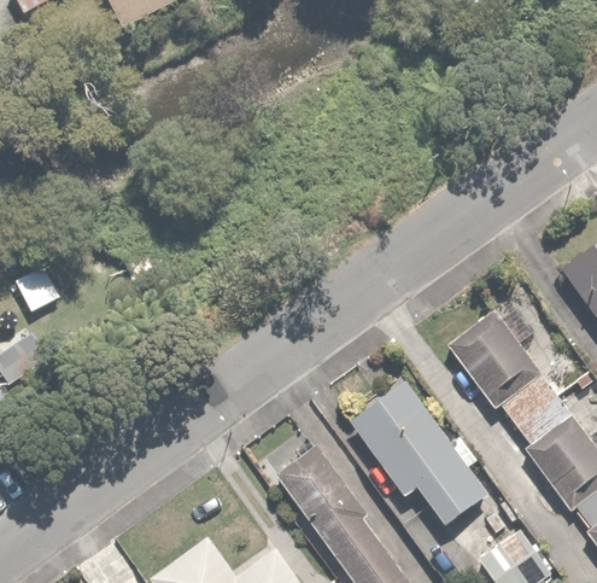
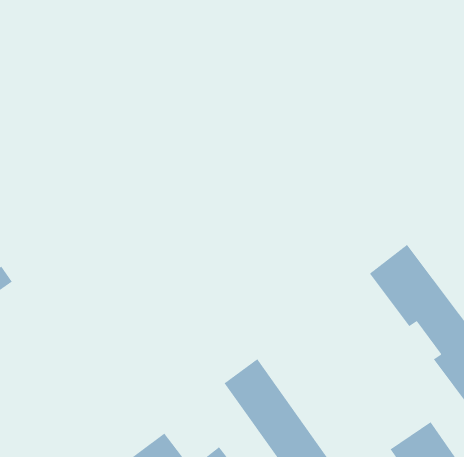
building: [351,381,490,526] -> none

